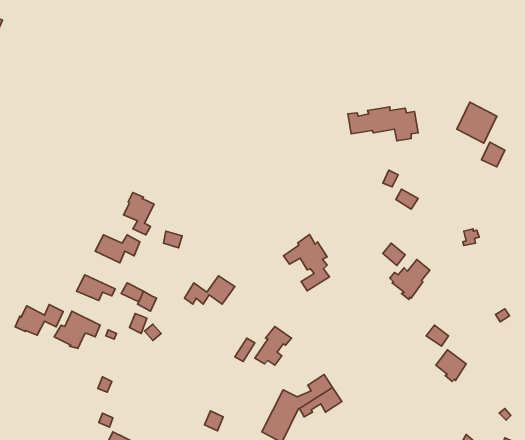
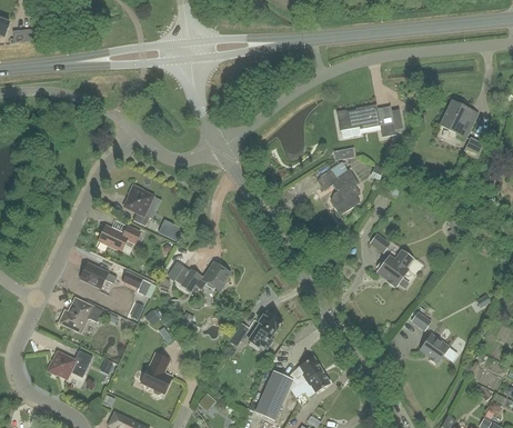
building: [284,235,329,291] -> [318,161,361,215]
building: [15,305,63,335] -> [47,349,92,378]
building: none -> [141,352,172,394]

